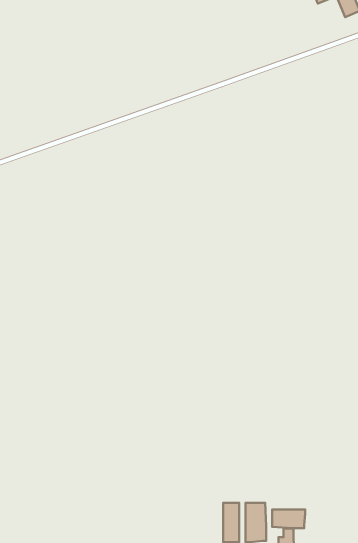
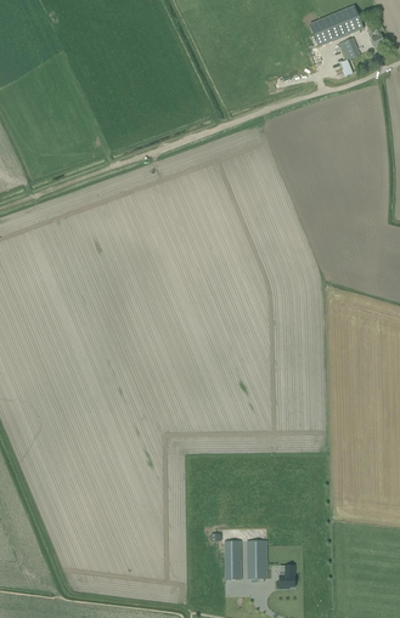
building: [272,509,305,528] -> none

